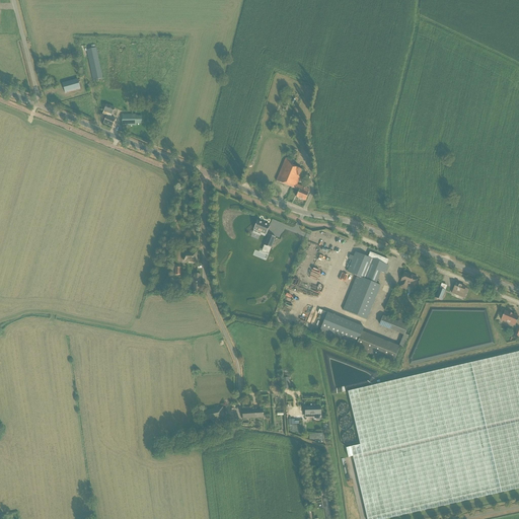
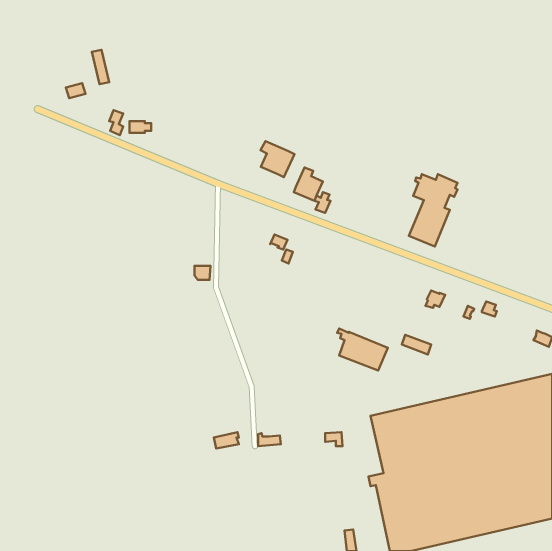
building: none -> [261,141,295,177]
building: [343,251,388,319] -> [409,174,457,247]

